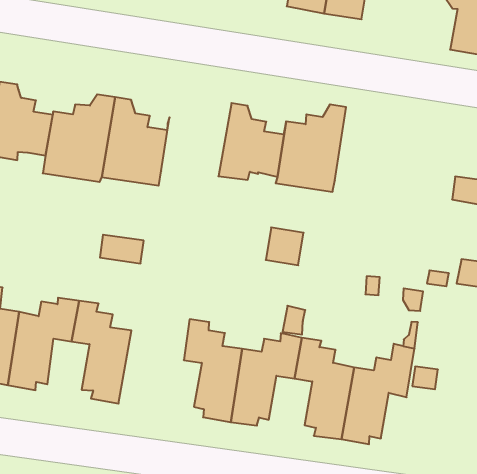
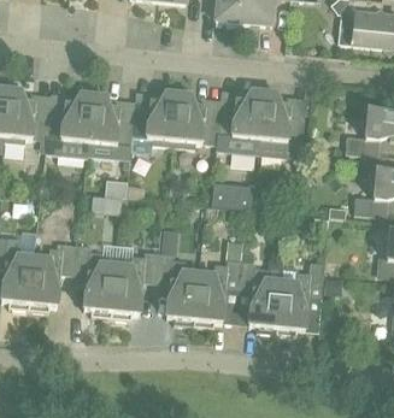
building: none -> [131,90,180,152]
building: none -> [259,89,305,146]
building: none -> [111,251,159,318]

